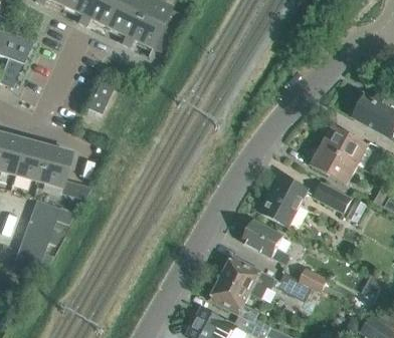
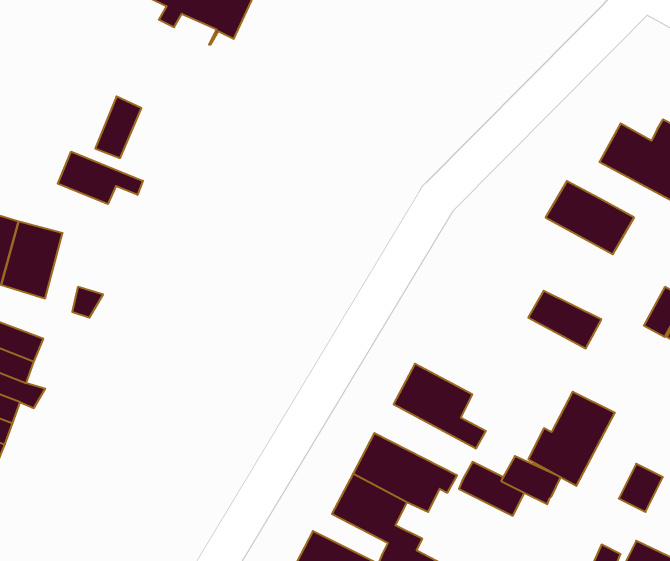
building: none -> [58,152,143,204]
building: [312,144,358,185] -> none
building: [259,177,305,226] -> [528,392,615,486]

